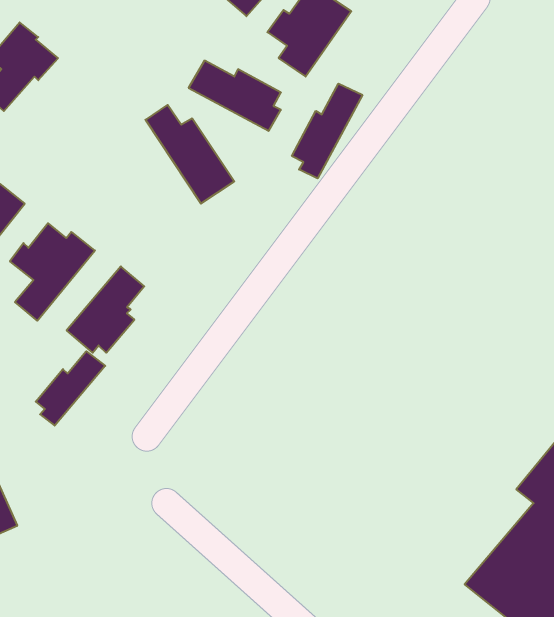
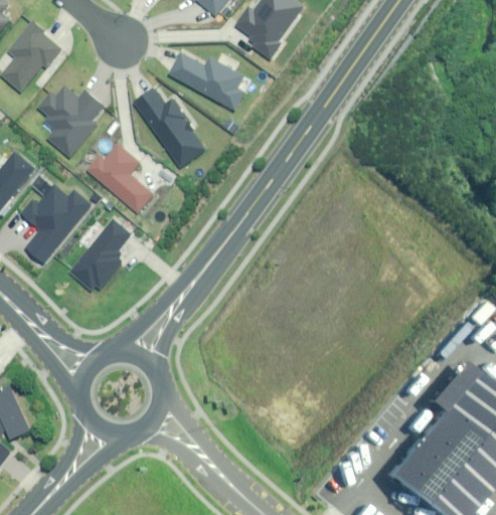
building: [292,84,362,178] -> none
building: none -> [37,87,102,157]
building: none -> [86,145,154,213]
building: [36,351,105,426] -> none

